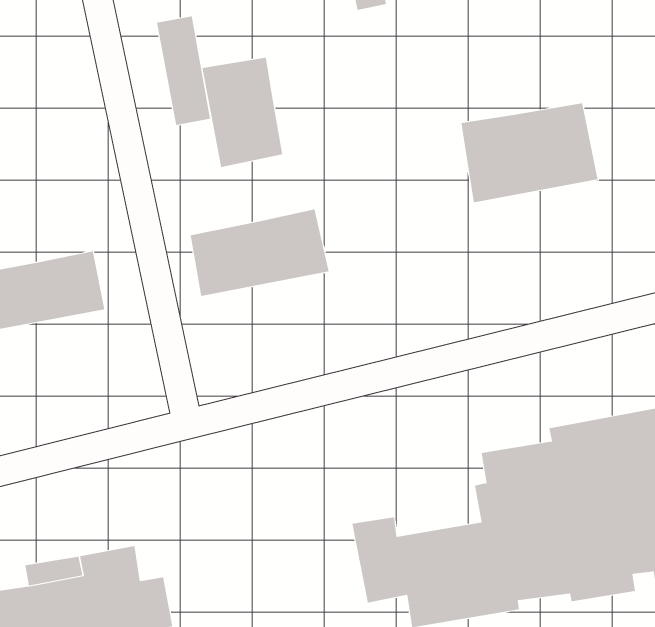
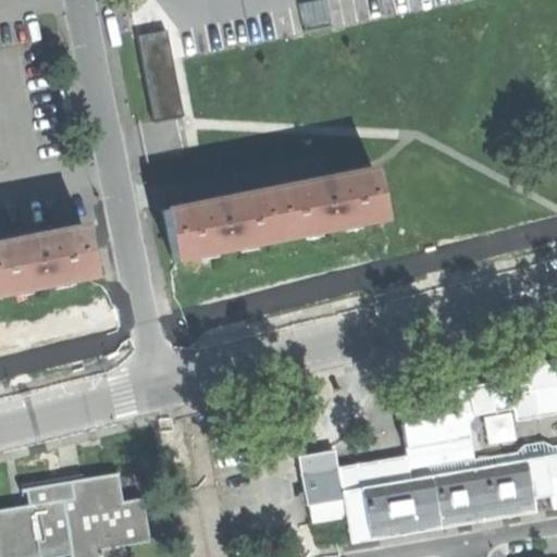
building: [202,57,283,168] -> none
building: [461,103,598,203] -> none
building: none -> [270,170,387,244]

